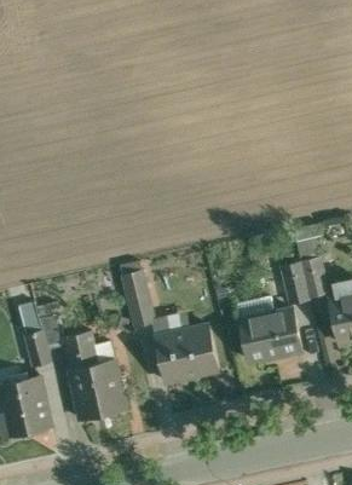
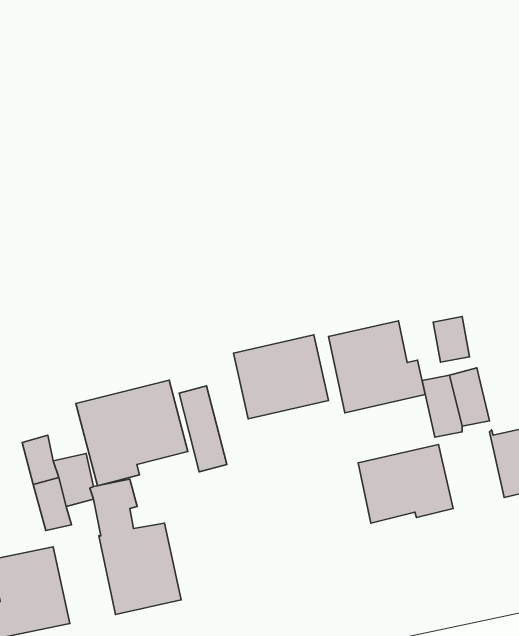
building: none -> [328,321,425,413]
building: none -> [76,380,188,486]
building: [155,327,218,382] -> [233,335,328,419]

